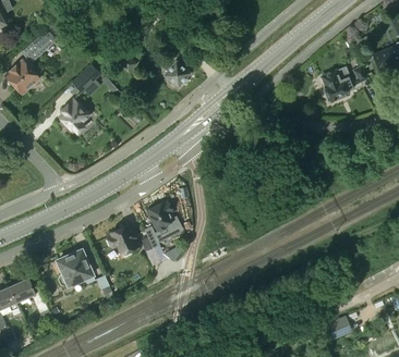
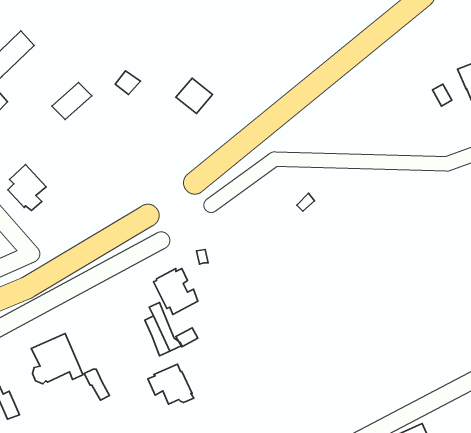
building: [322,69,352,102] -> none
building: [60,100,88,134] -> [8,165,46,210]
building: [107,225,141,255] -> [148,364,194,404]

